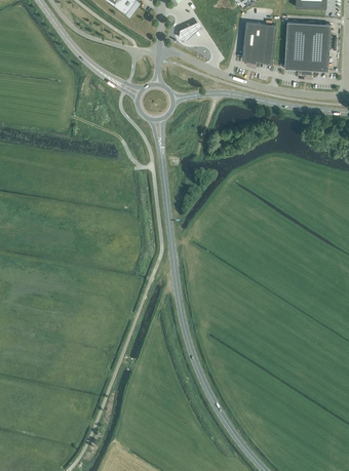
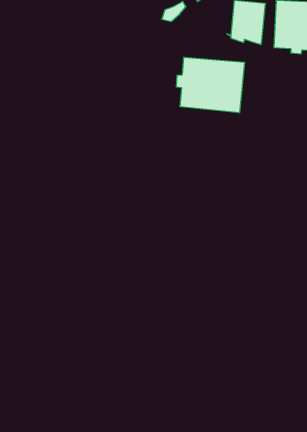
building: none -> [176,57,245,113]

